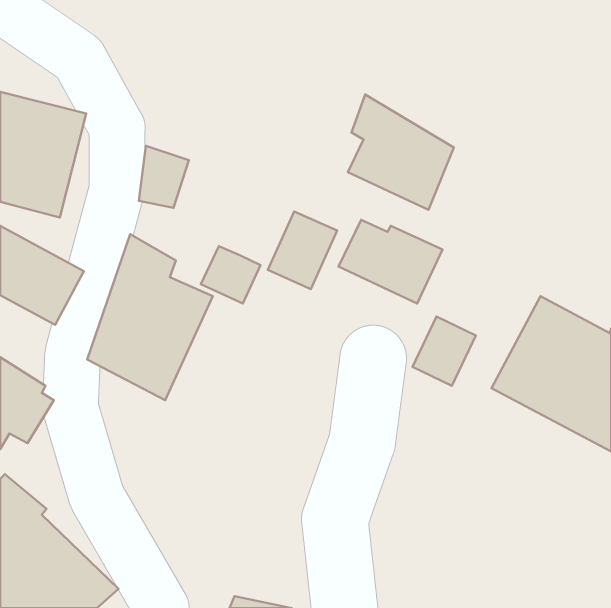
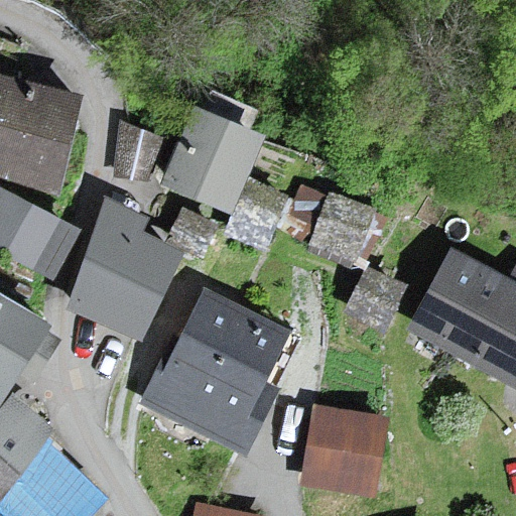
building: [348,95,454,210] -> none
building: none -> [160,107,255,206]
building: none -> [146,291,276,446]
building: none -> [305,406,376,487]

